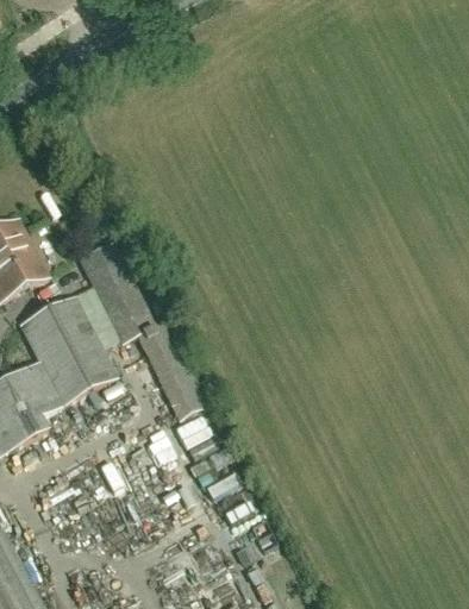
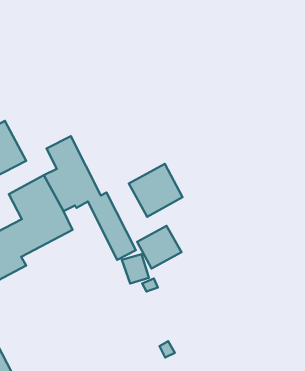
building: none -> [129,164,182,217]
building: none -> [137,226,181,269]

